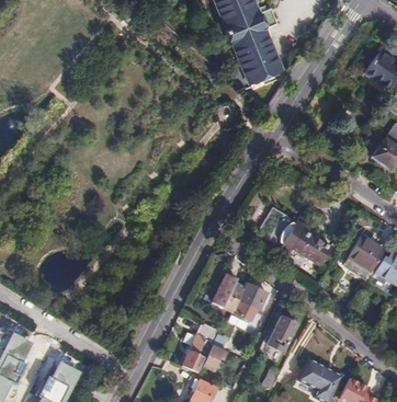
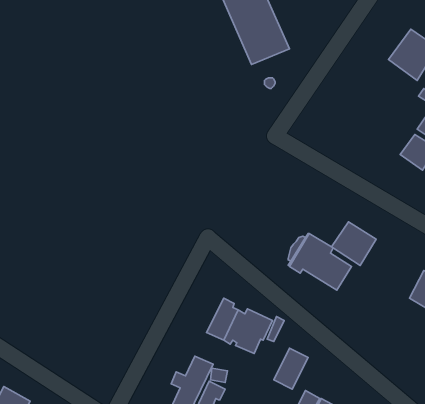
building: [349,234,386,271] -> [331,222,376,265]

